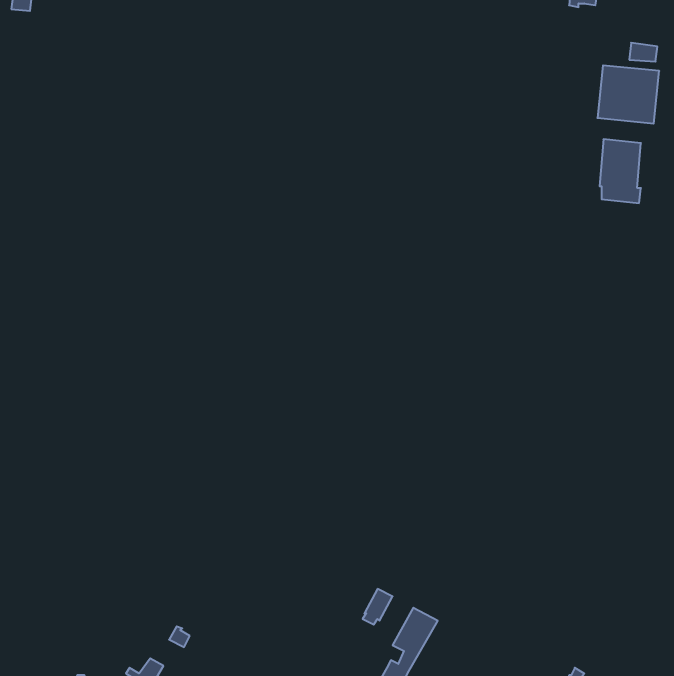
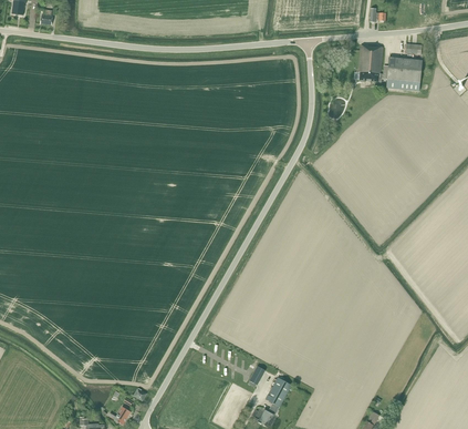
building: [600,139,641,203] -> [357,44,382,82]

